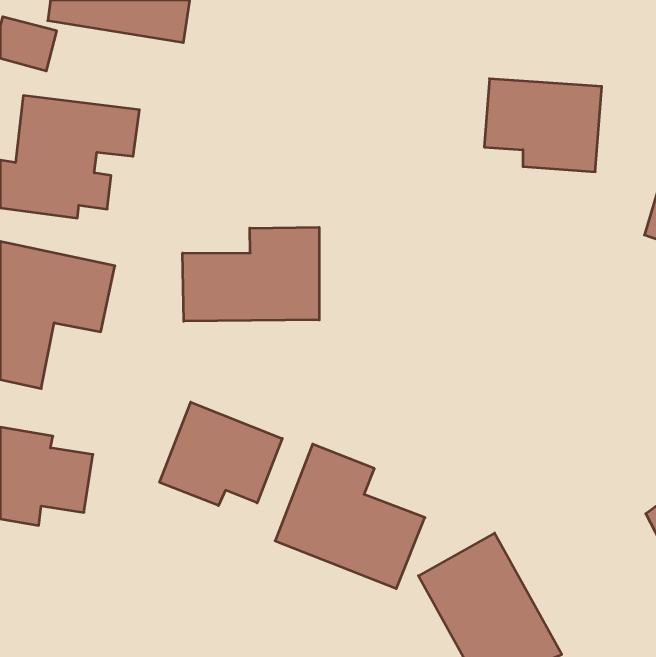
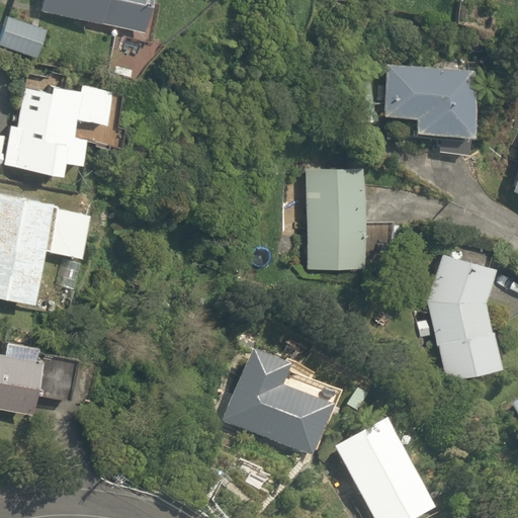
building: none -> [304,169,366,269]
building: [183,227,319,321] -> none
building: none -> [426,256,506,378]
building: [160,402,282,506] -> none

